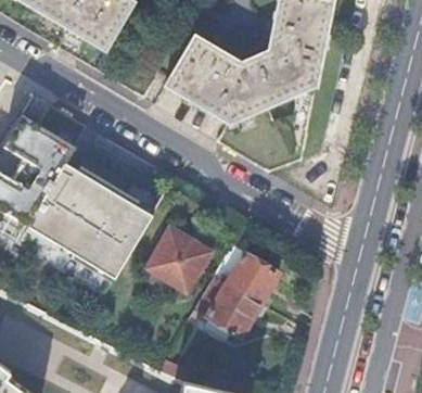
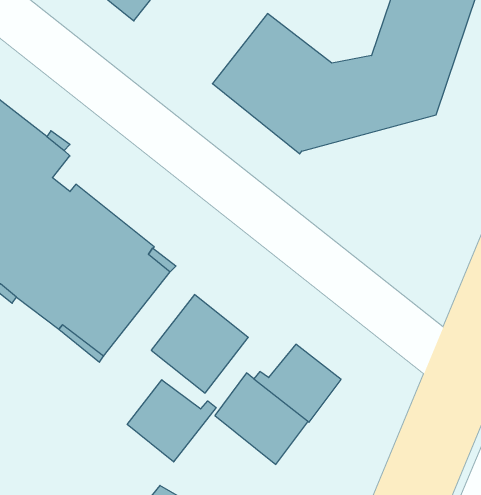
building: none -> [127,380,216,462]

